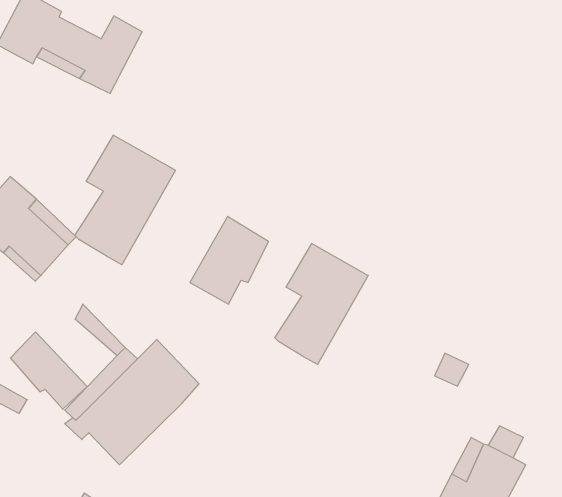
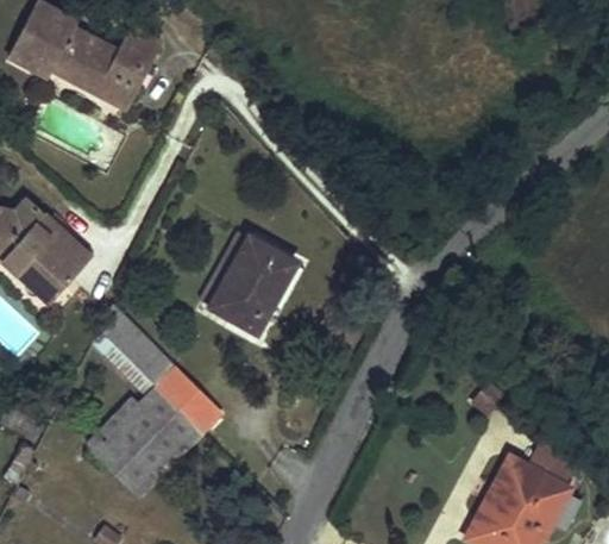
building: [75,135,175,265] -> none
building: [275,243,368,364] -> none
building: [10,332,87,409] -> none

